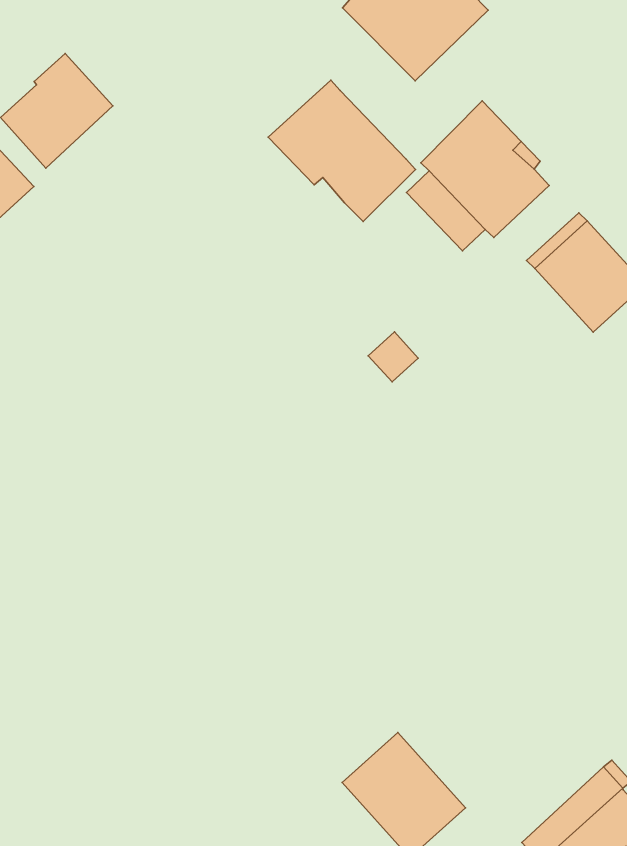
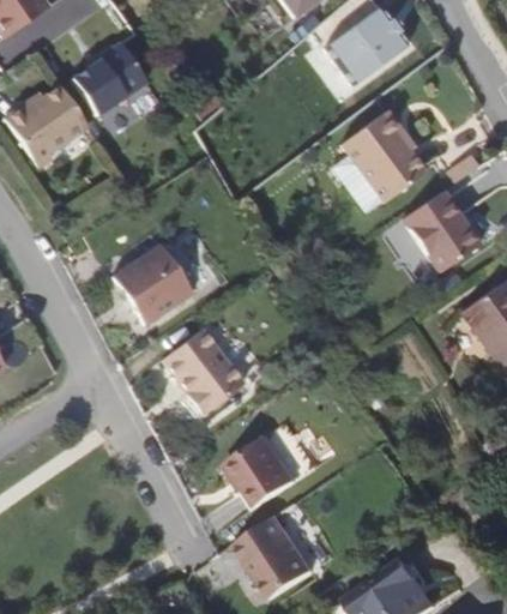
building: [268,80,415,222] -> none
building: none -> [114,242,193,323]
building: none -> [170,323,252,409]
building: none -> [229,434,298,505]

